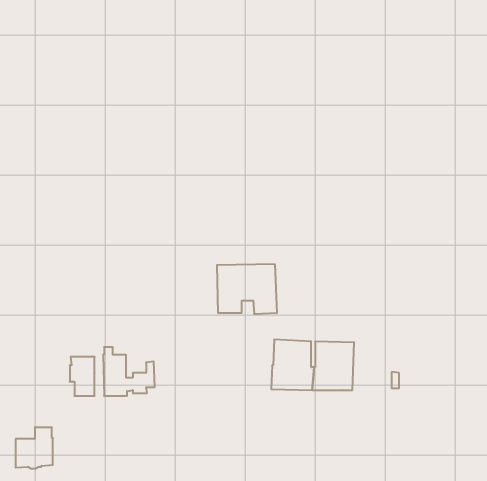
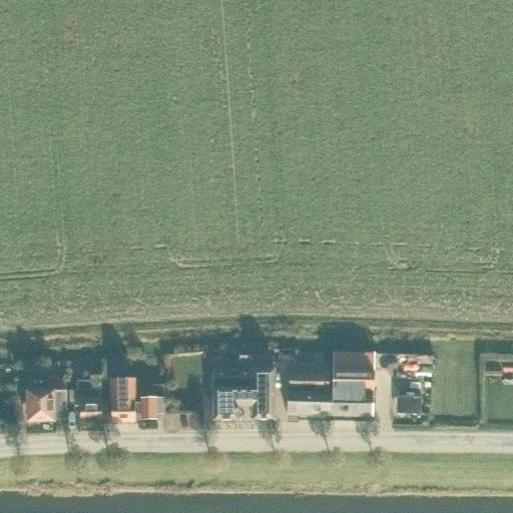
building: [217,264,277,314] -> [211,362,275,414]
building: [16,427,53,469] -> [25,373,64,416]

